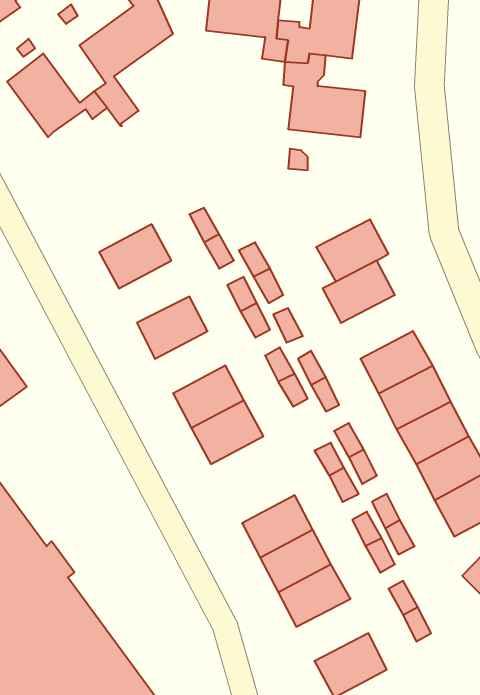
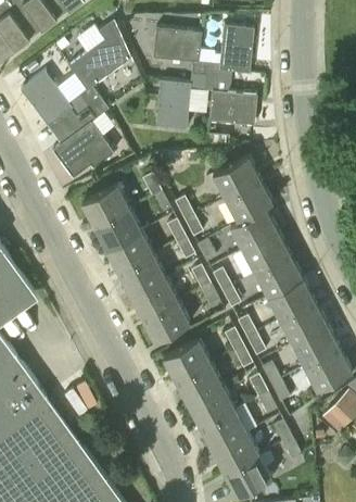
building: none -> [153,74,204,128]
building: none -> [51,106,114,177]
building: none -> [213,155,260,199]
building: none -> [94,208,141,249]
building: none -> [241,230,289,273]
building: none -> [118,254,165,296]
building: none -> [163,339,211,381]
building: none -> [212,431,259,473]

